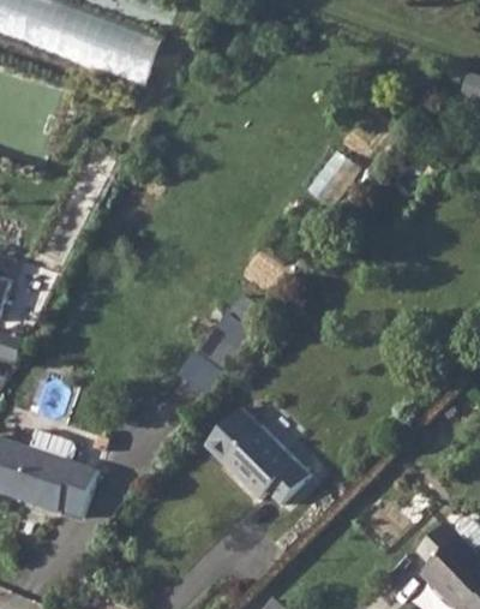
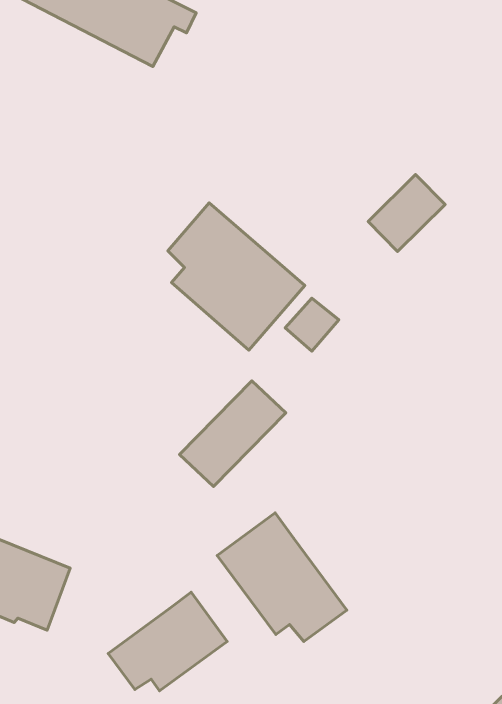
building: none -> [168,203,305,350]
building: none -> [108,592,227,691]

